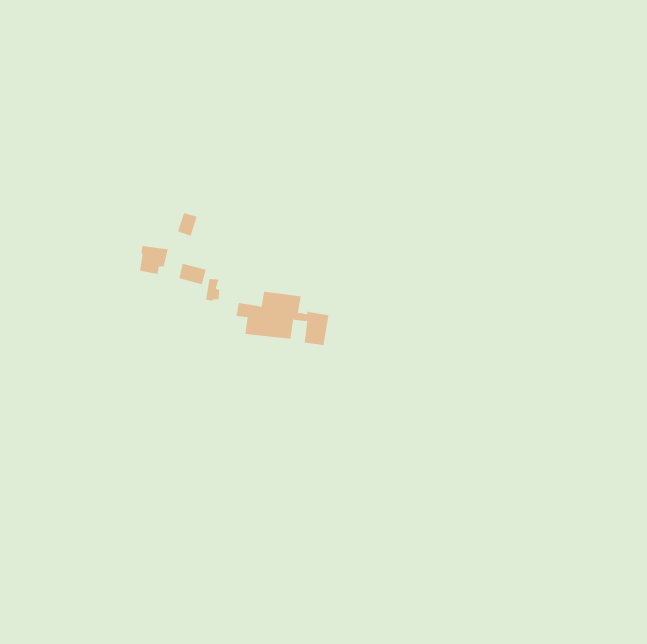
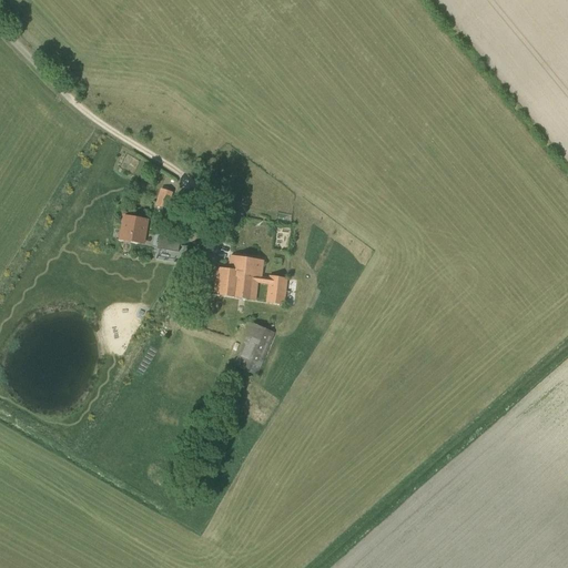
building: none -> [233,333,274,369]

